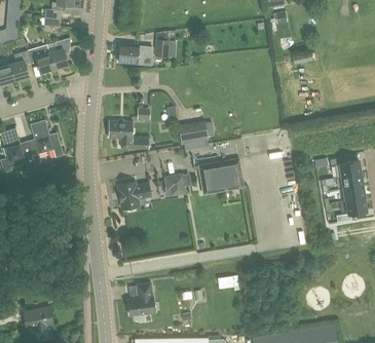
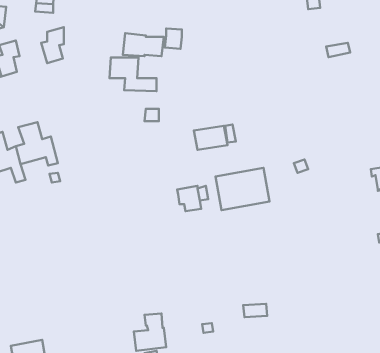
building: [27,45,53,74] -> none
building: [108,121,148,150] -> [110,58,157,91]
building: [118,182,150,212] -> none

